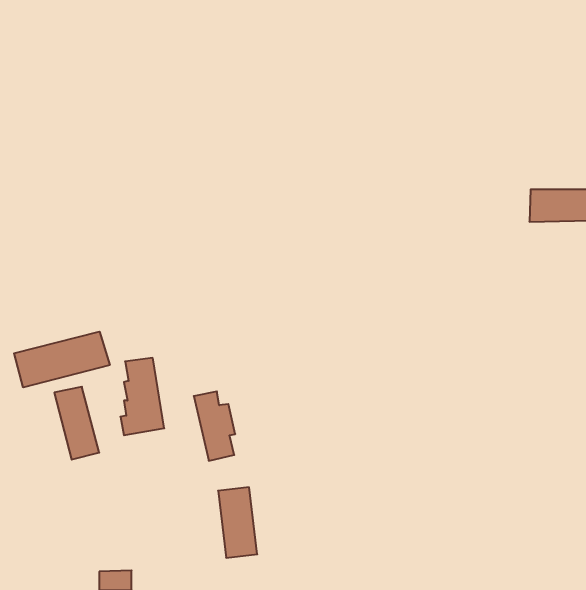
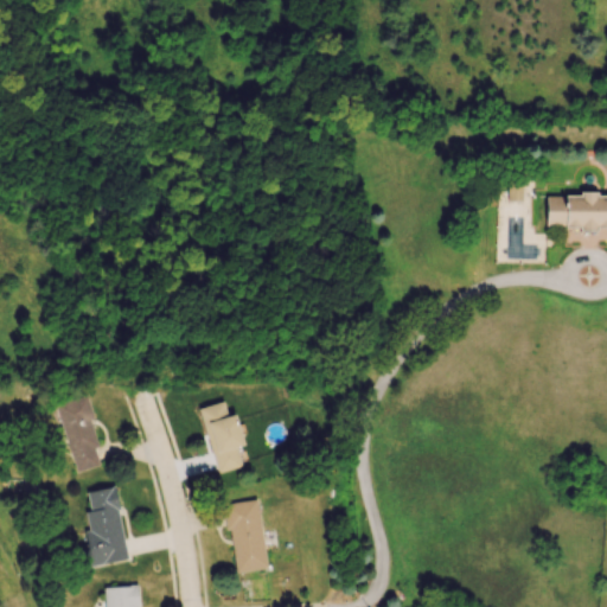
building: [14,332,110,387] -> none
building: [120,358,164,435] -> [84,487,129,567]

